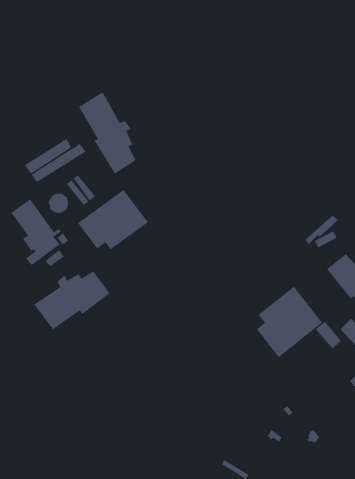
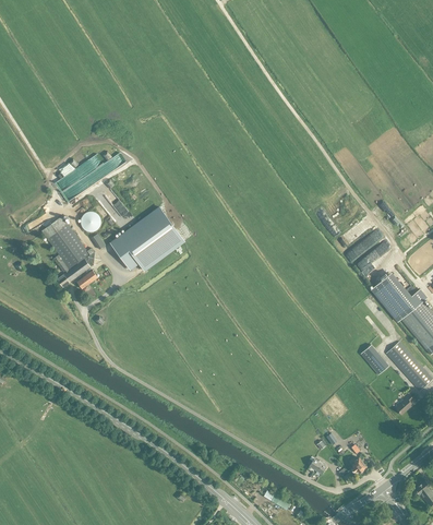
building: [78,91,137,174] -> none
building: [34,270,111,330] -> none
building: [256,286,323,358] -> none

